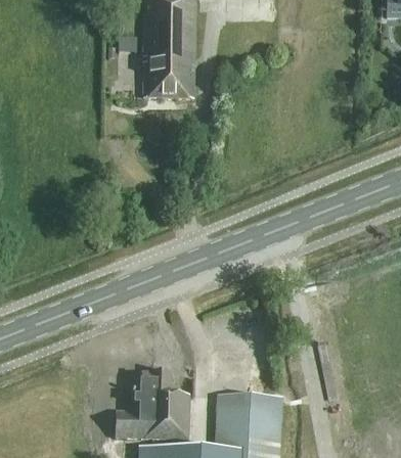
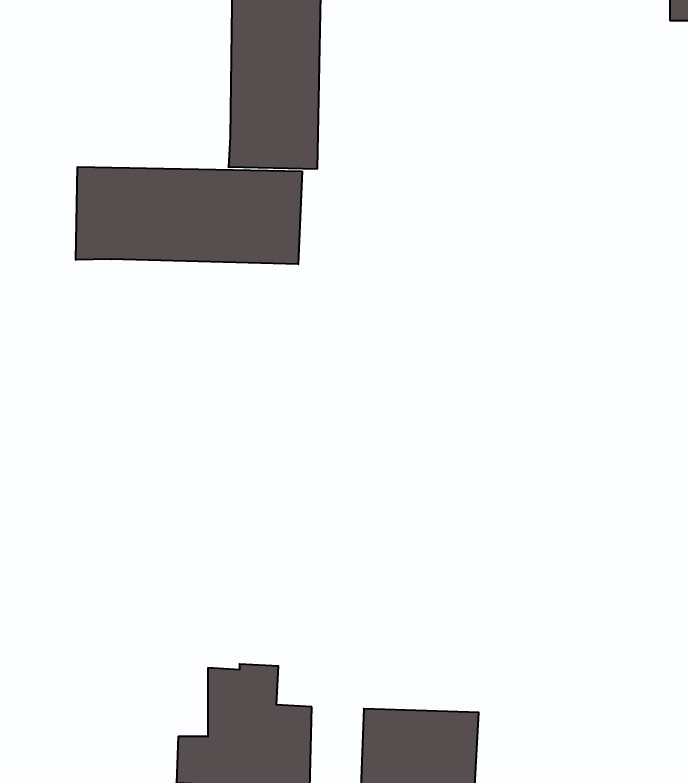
building: none -> [76,167,302,264]

